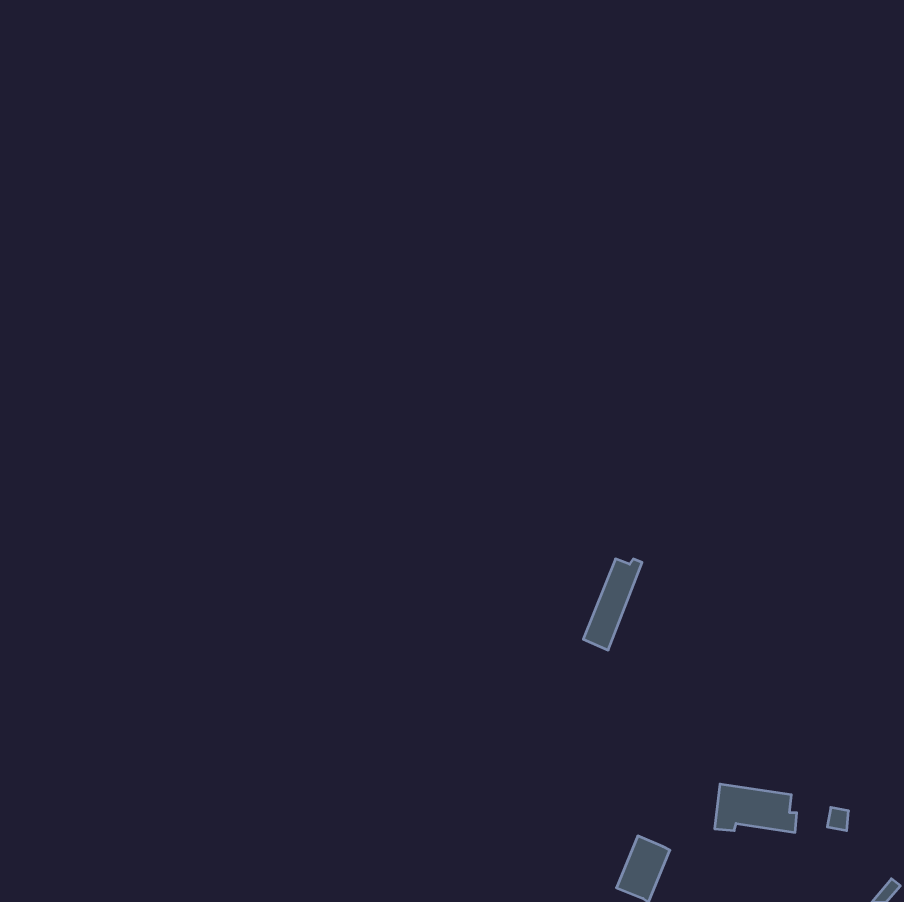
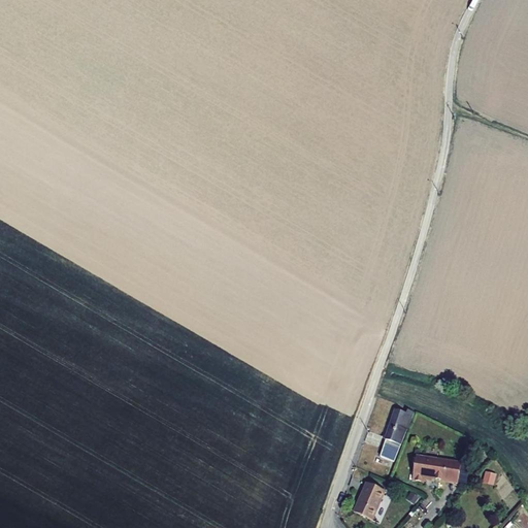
building: [583,559,642,650] -> [377,408,411,461]

